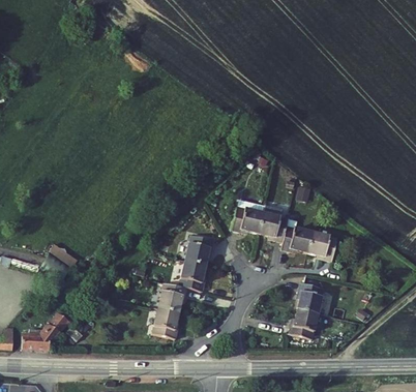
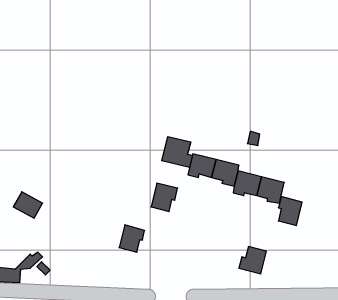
building: none -> [162,137,192,167]
building: [183,266,210,297] -> none
building: [297,282,323,314] -> [278,196,302,226]
building: [149,310,175,342] -> none

